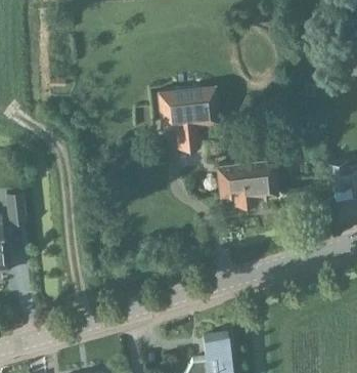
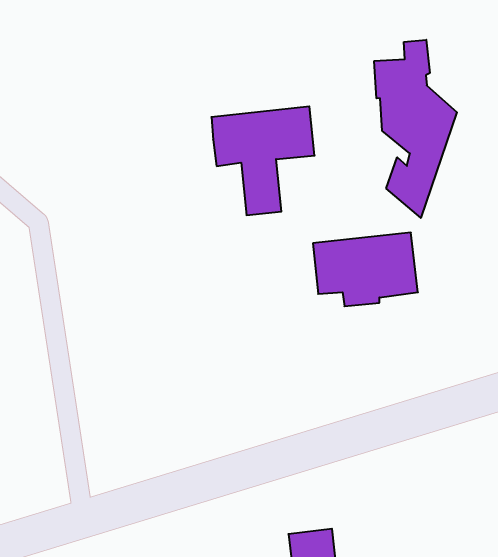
building: none -> [374,40,457,218]

